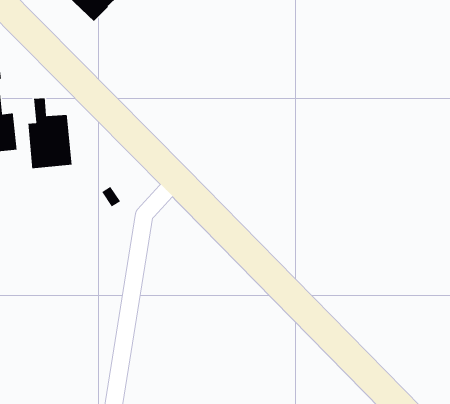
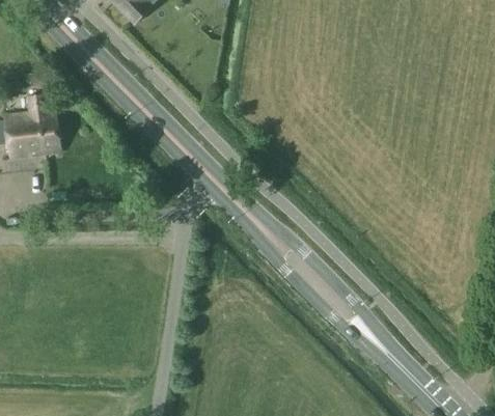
building: [27,98,73,169] -> none

